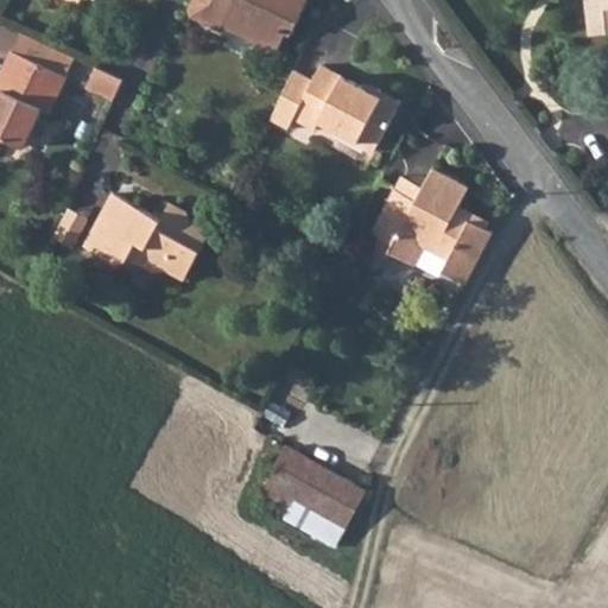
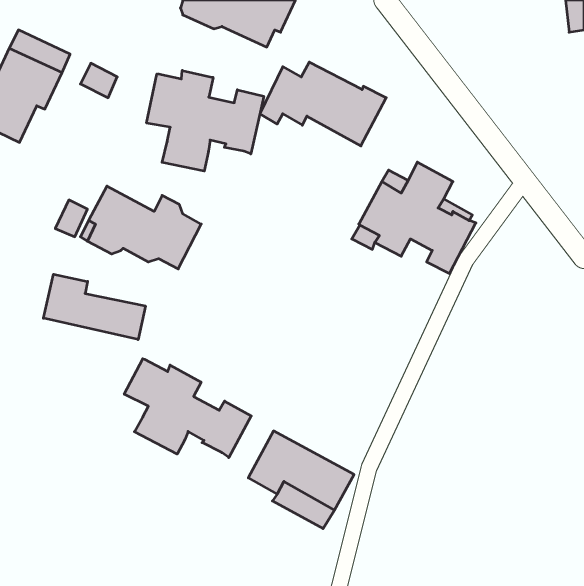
building: none -> [147,70,264,171]
building: none -> [43,274,145,340]
building: none -> [124,359,251,458]

